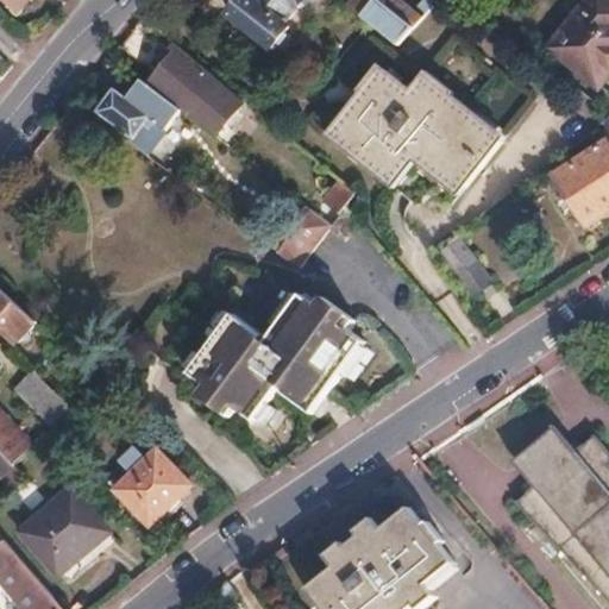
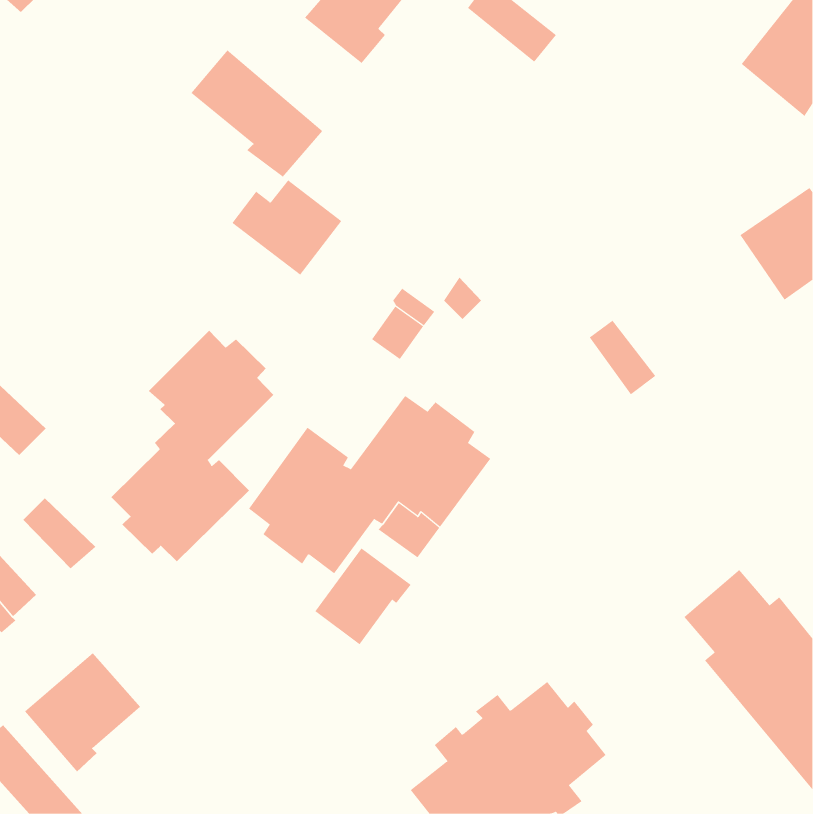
building: [331,71,500,189] -> none
building: [96,76,178,147] -> [232,180,342,276]
building: none -> [111,330,274,562]
building: none -> [315,548,411,645]
building: [113,448,188,522] -> none

